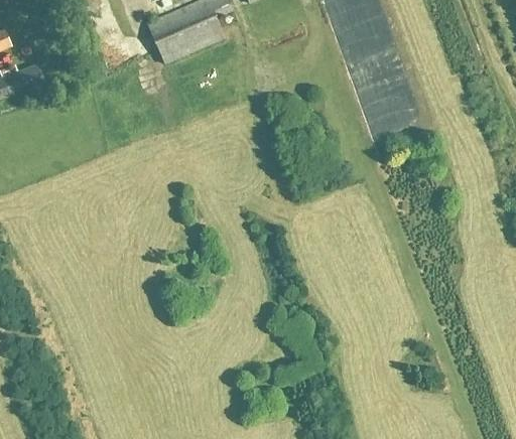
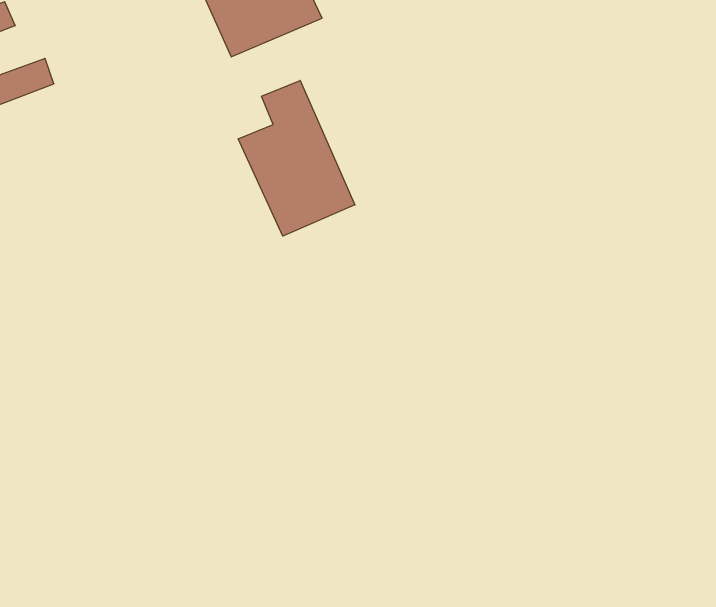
building: none -> [238,80,355,236]

